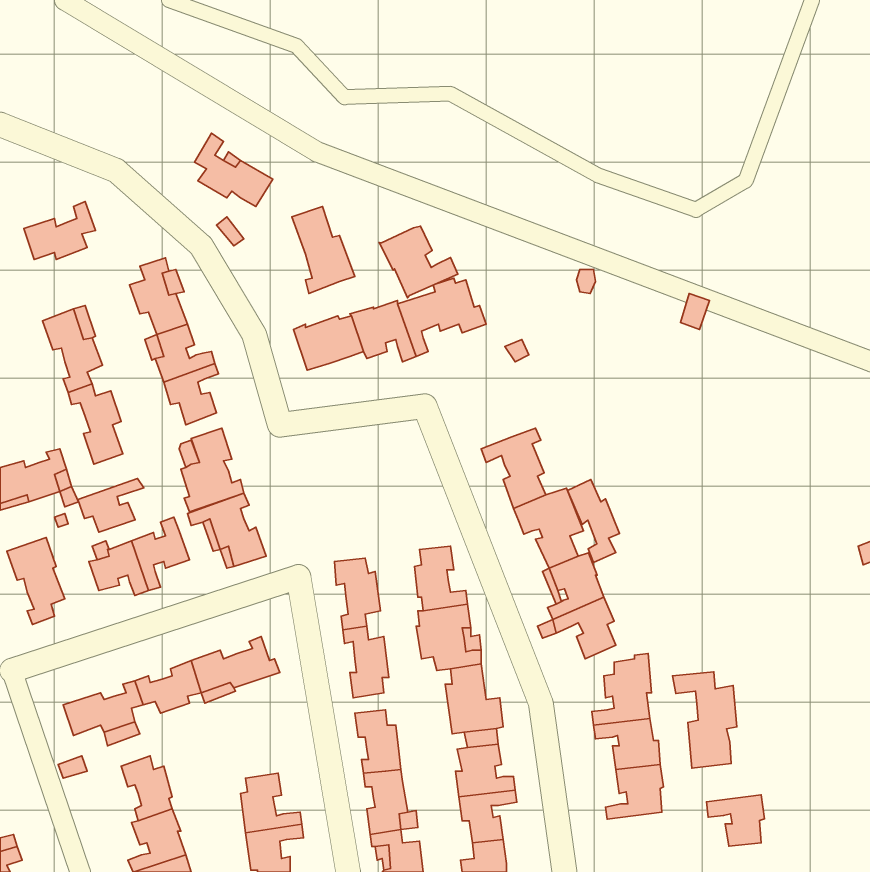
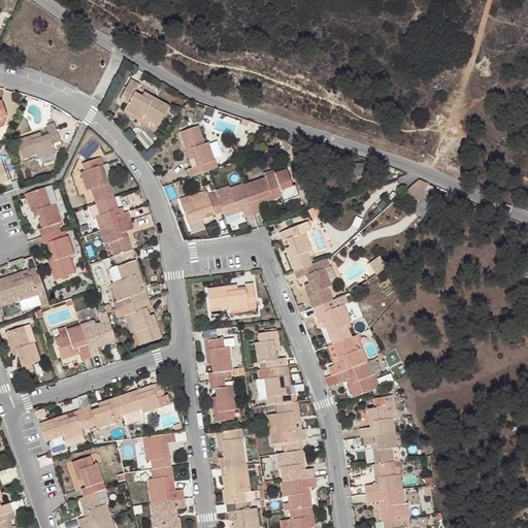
building: [379,226,458,298] -> none
building: none -> [276,222,310,271]
building: none -> [206,286,255,314]
building: [78,478,144,532] -> none
building: [567,479,619,563] -> none
building: [672,672,737,768] -> none
building: none -> [141,431,186,470]
building: [707,795,765,846] -> [368,491,403,522]

